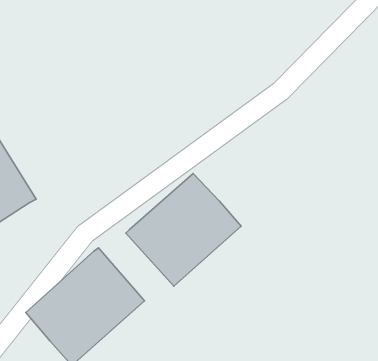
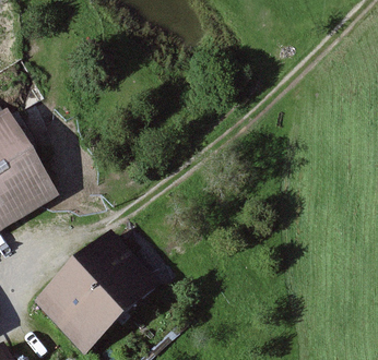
building: [126,173,241,286] -> none

